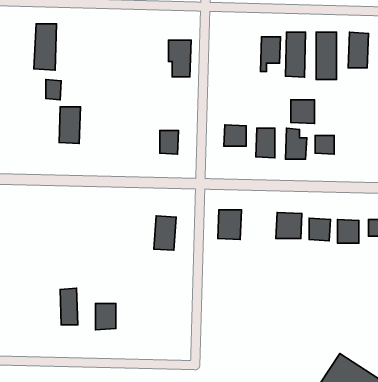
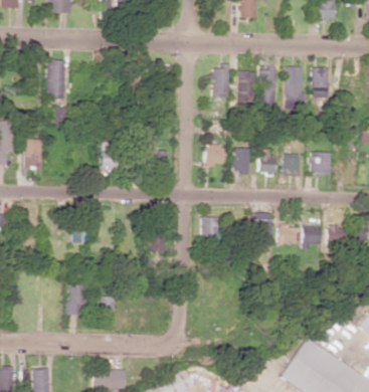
building: [169,40,191,77] -> [211,65,230,96]
building: [291,100,315,124] -> [312,152,332,172]
building: [59,107,80,144] -> [24,139,42,170]

